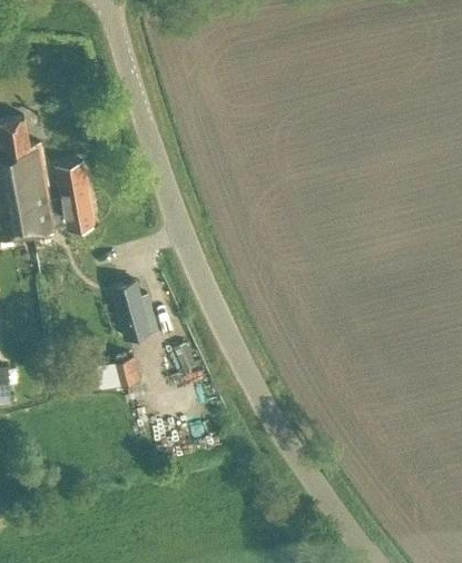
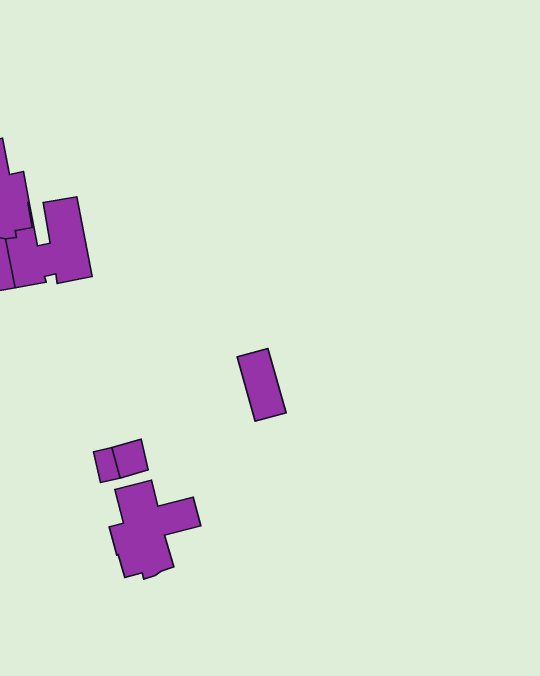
building: [115,282,154,339] -> [237,348,286,421]
building: none -> [109,480,201,579]

